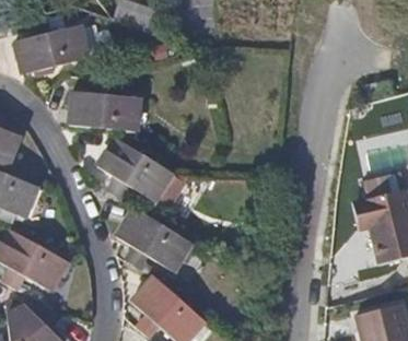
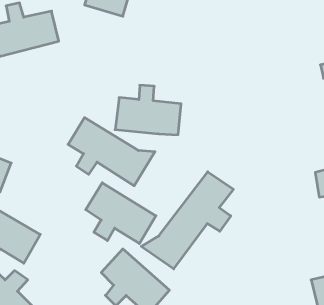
building: [69,79,139,131] -> [115,85,181,135]
building: none -> [141,172,233,269]

